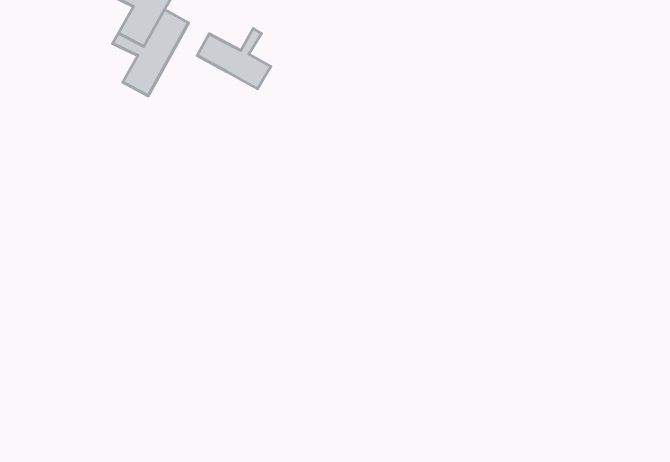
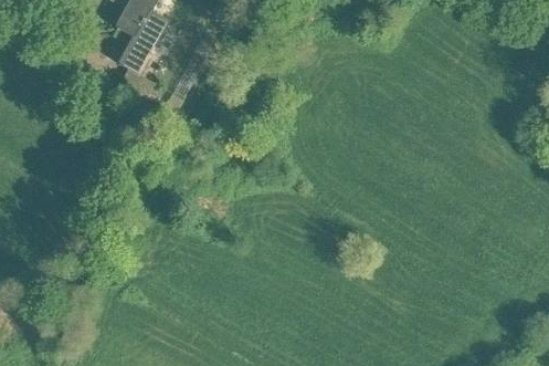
building: [197,29,271,89] -> none

